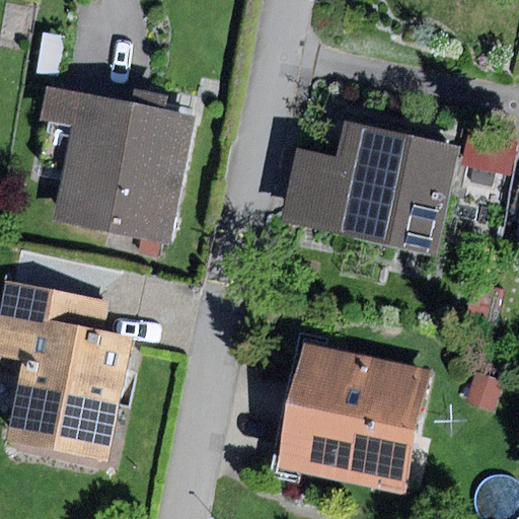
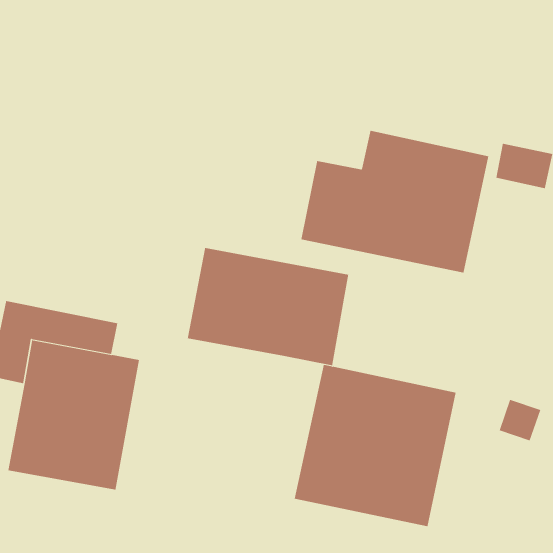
building: [43,88,194,241] -> none
building: none -> [187,247,349,366]

